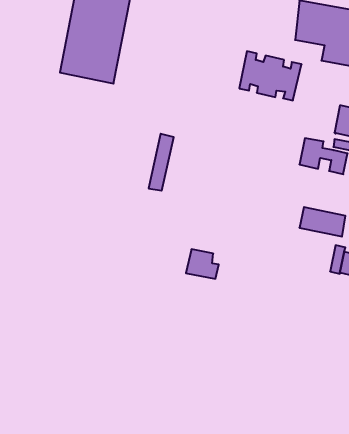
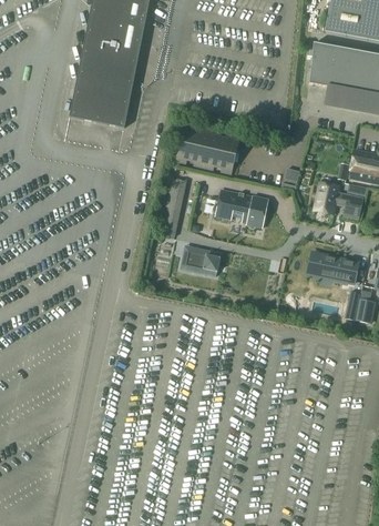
building: [239,51,302,100] -> [176,124,239,174]
building: none -> [215,190,268,229]
building: [186,249,219,279] -> [180,245,213,275]

